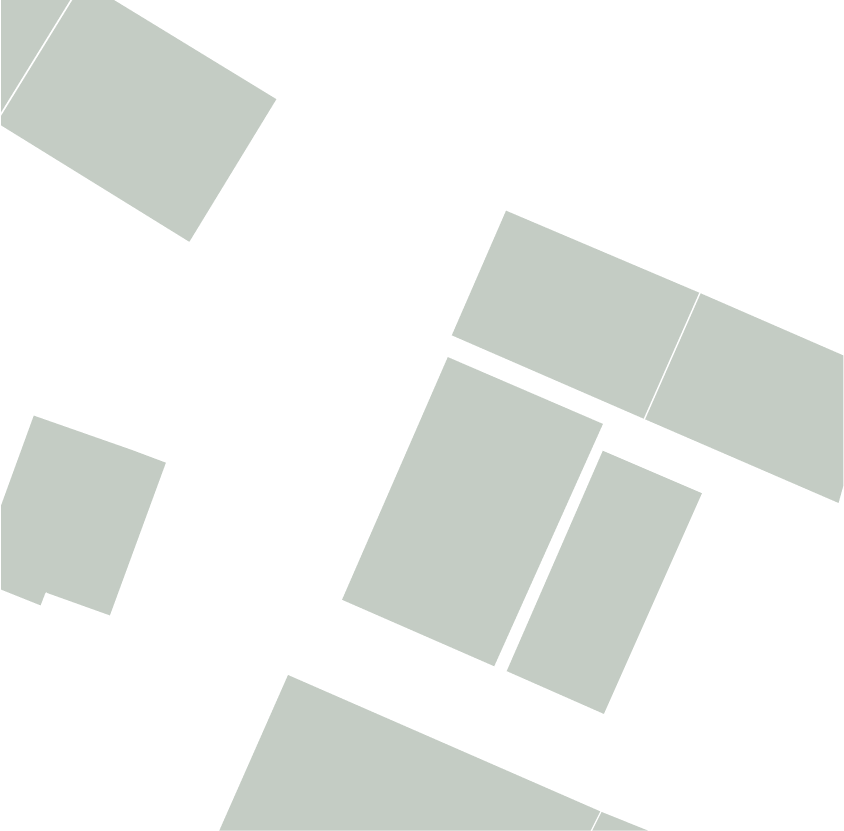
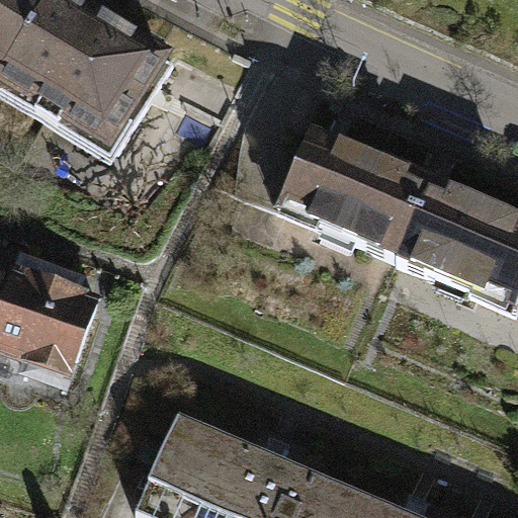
building: [341,356,604,667] -> none
building: [506,450,703,715] -> none

